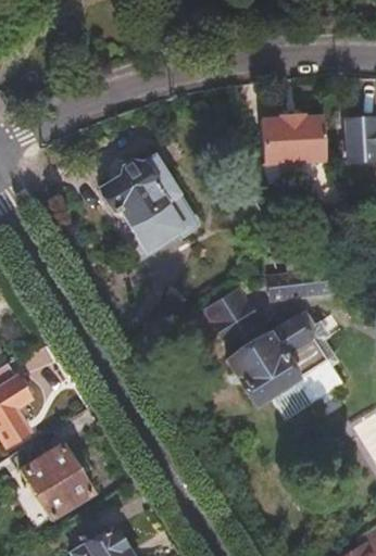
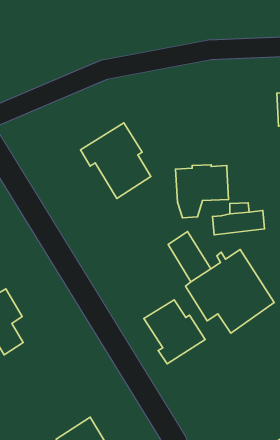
building: [262,117,328,184] -> [176,165,229,218]
building: none -> [144,300,205,364]
building: [14,430,93,519] -> none

